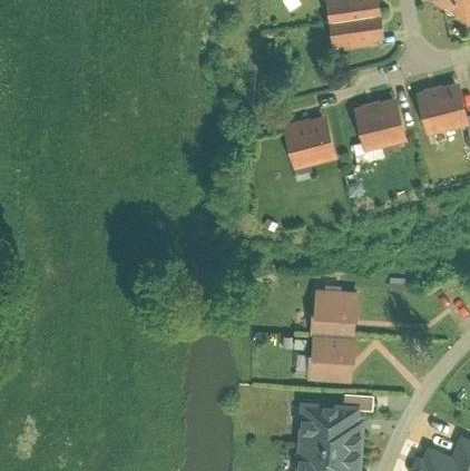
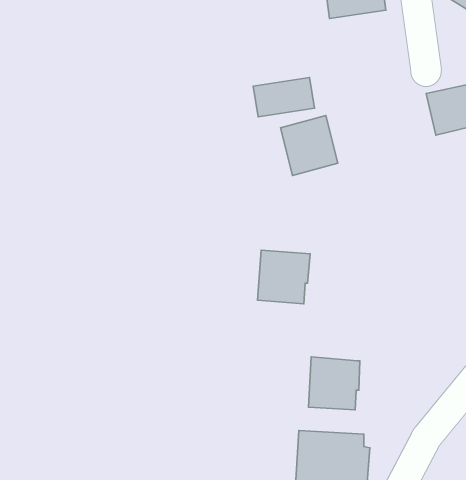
building: [329,17,384,52] -> [253,77,314,117]
building: [353,98,404,150] -> none
building: [312,286,360,335] -> [257,250,310,304]

